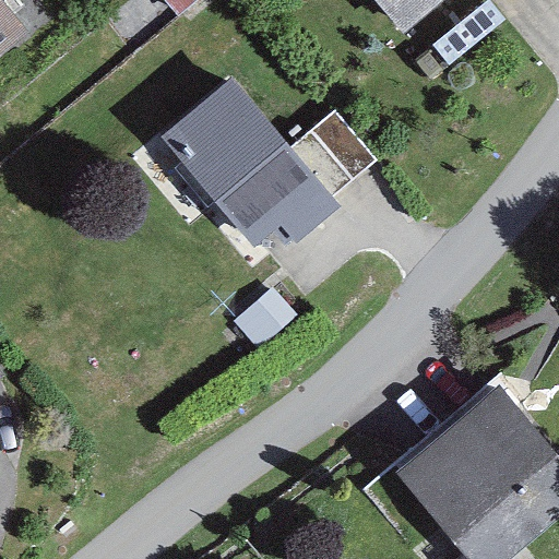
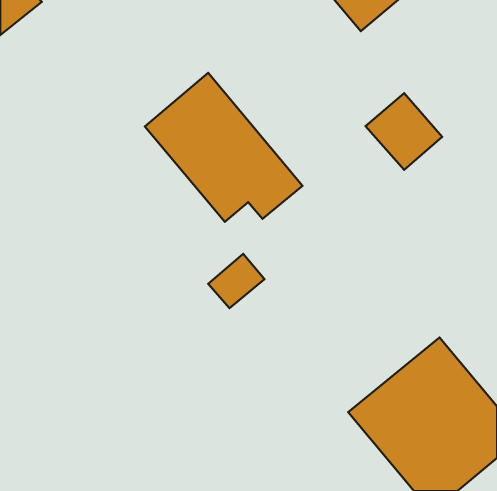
building: [289,109,376,195] -> [365,93,442,170]

